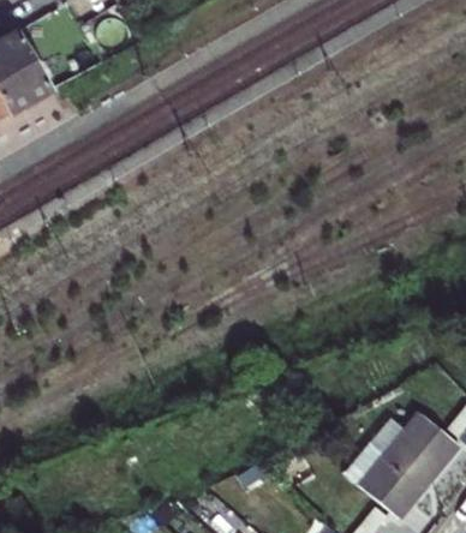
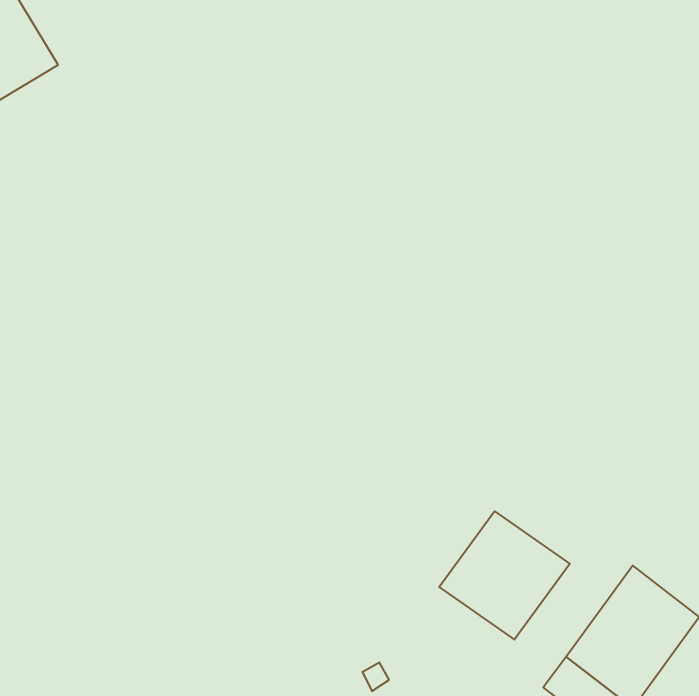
building: none -> [439,511,570,640]

